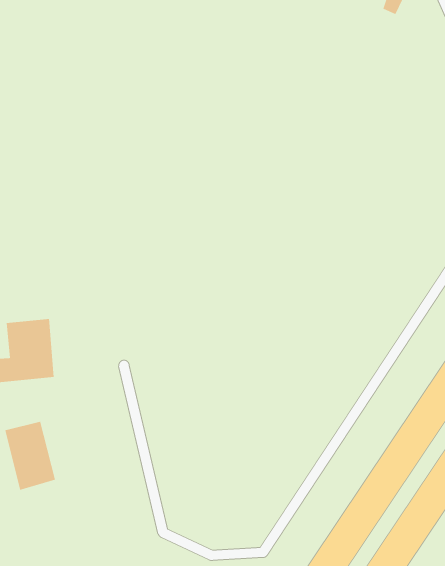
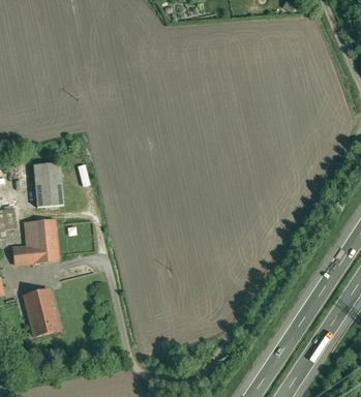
building: none -> [33,161,63,206]

